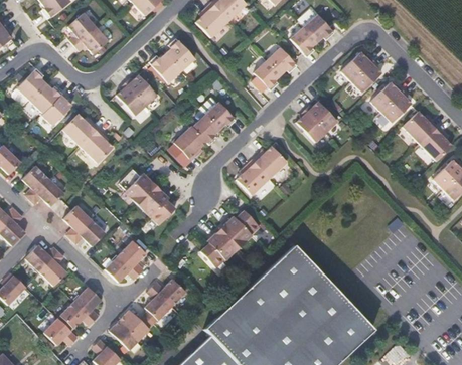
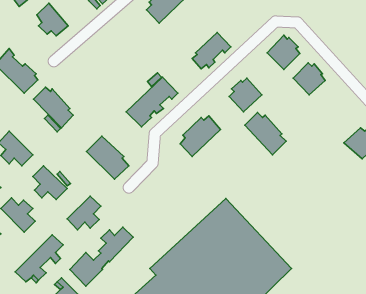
building: [294,15,336,56] -> none
building: [151,40,194,83] -> none
building: [119,75,157,115] -> none
building: [403,113,452,163] -> [245,113,286,155]
building: [201,210,257,266] -> none

